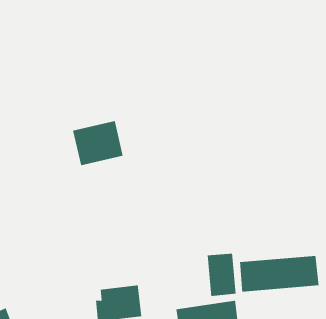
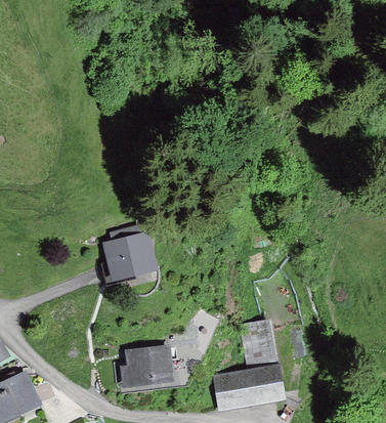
building: [72,121,124,166] -> [99,232,158,284]
building: [239,255,319,293] -> none

